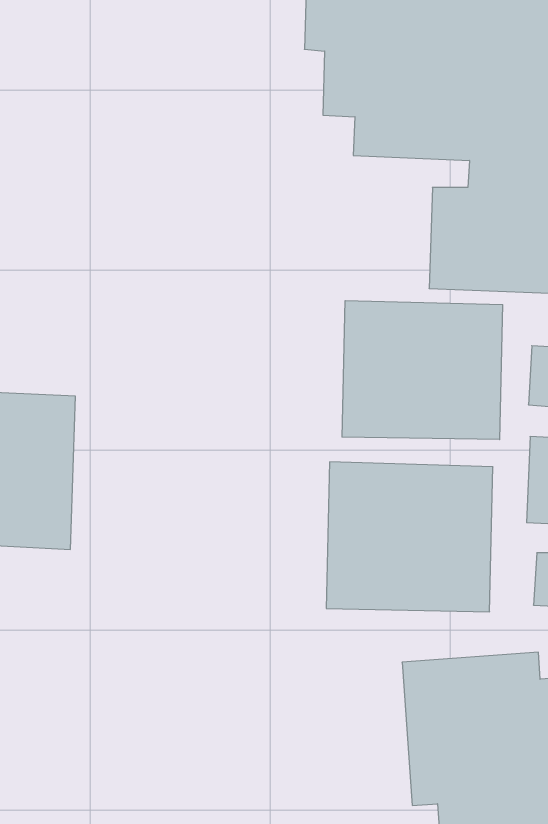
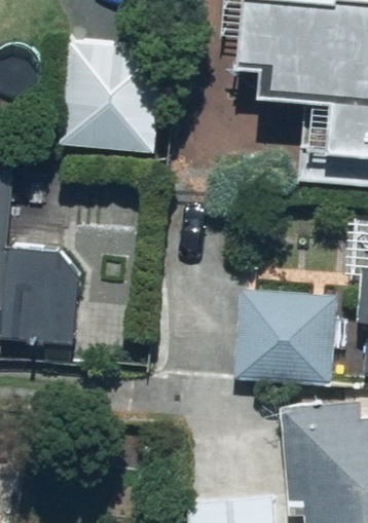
building: none -> [75,42,158,152]
building: [342,301,503,440] -> none

